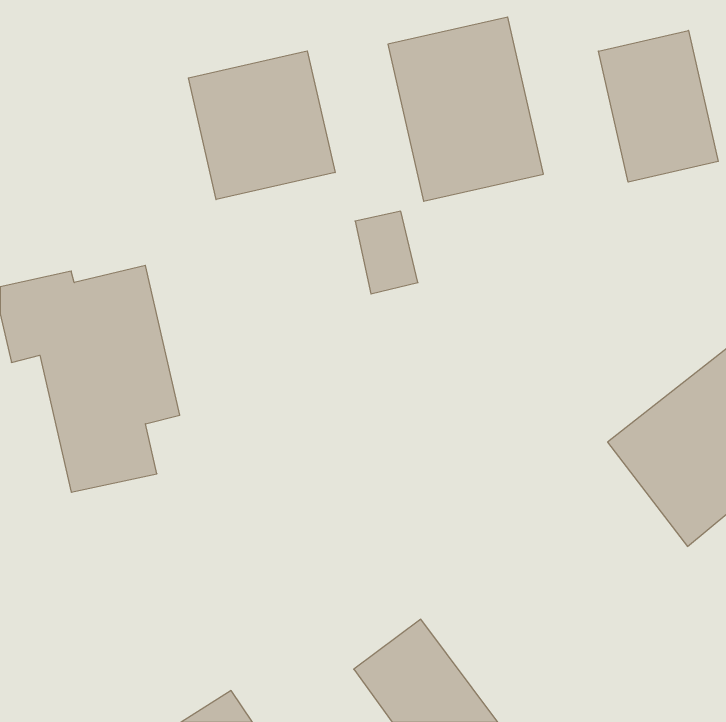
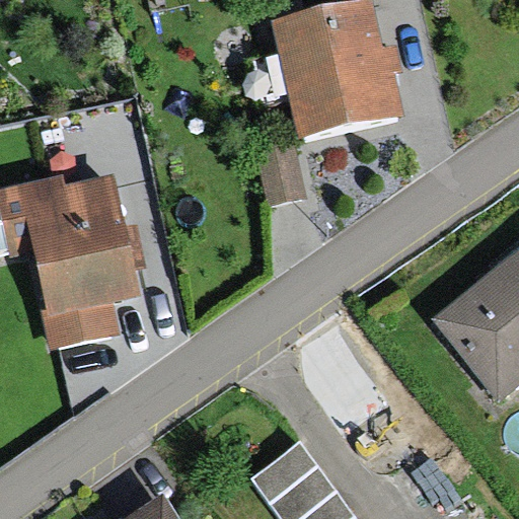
building: [598,30,718,182] -> none
building: [188,51,335,200] -> none

